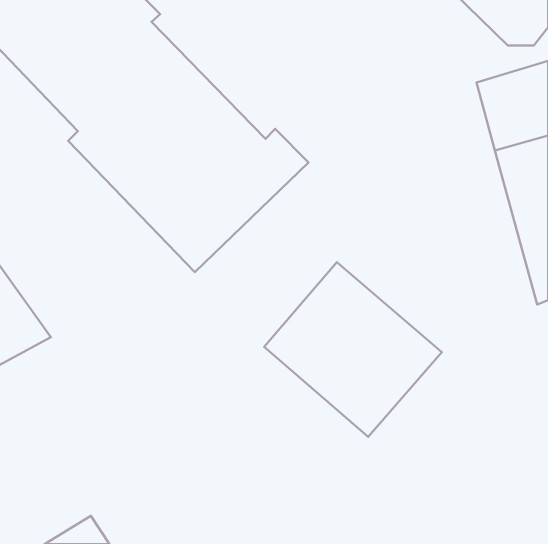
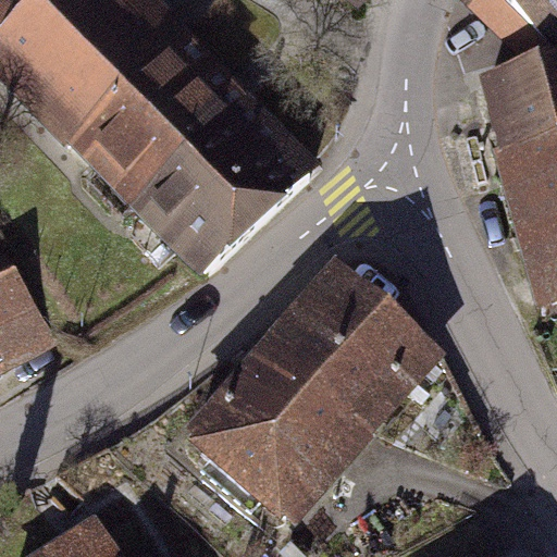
building: none -> [191,348,370,523]

